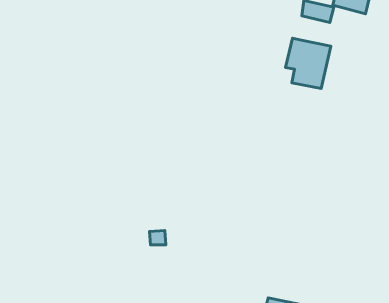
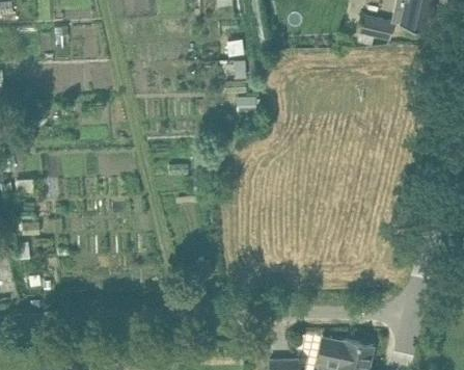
building: [286,38,331,89] -> none

